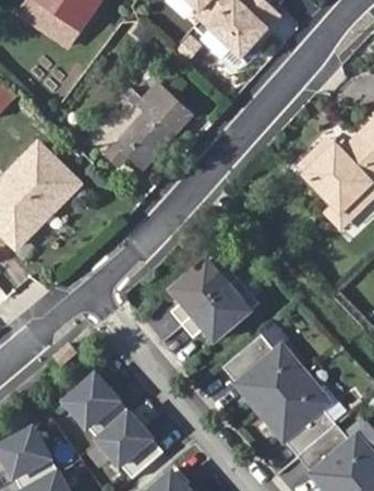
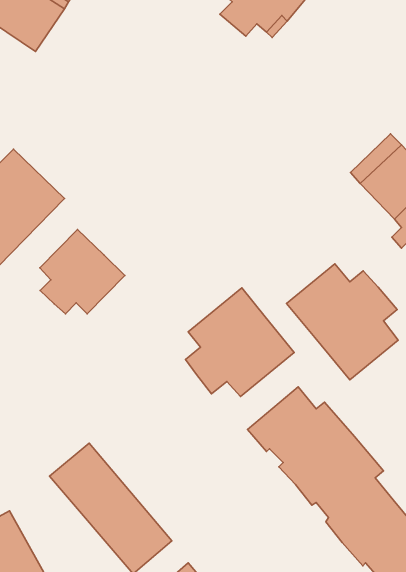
building: [116,83,191,168] -> none
building: none -> [40,229,125,314]
building: none -> [287,264,398,380]

